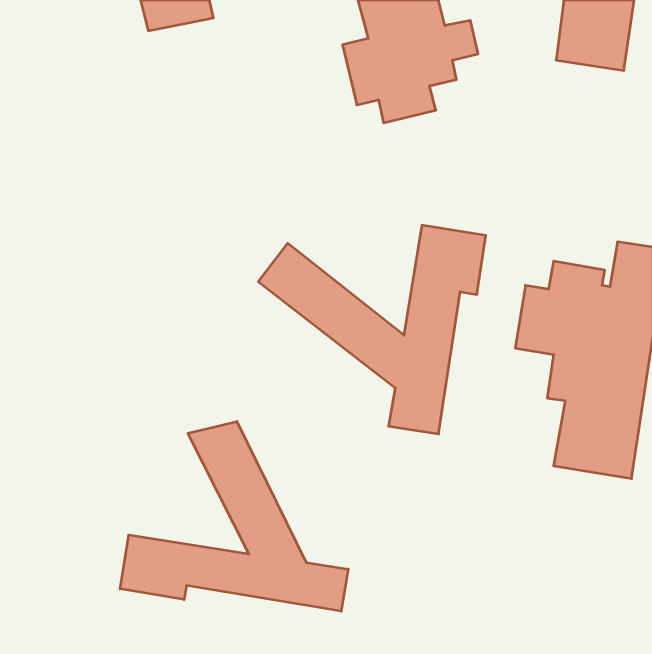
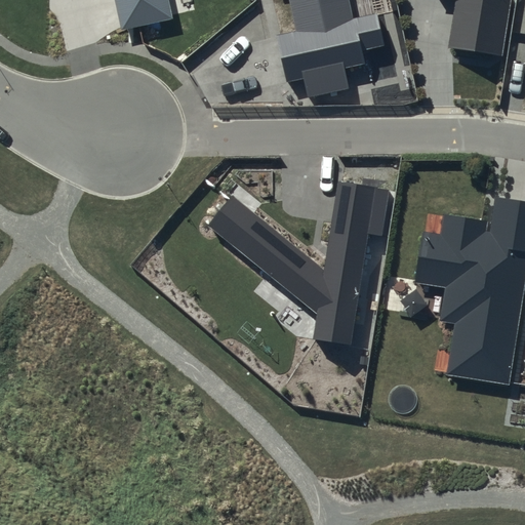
building: [120,421,348,611] -> none

